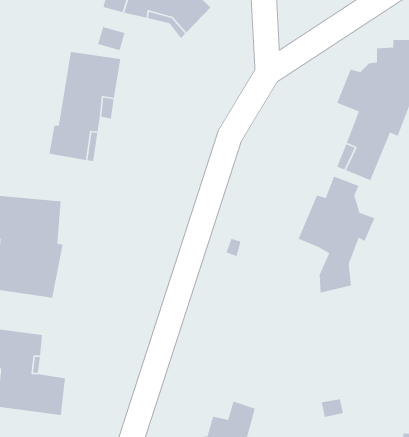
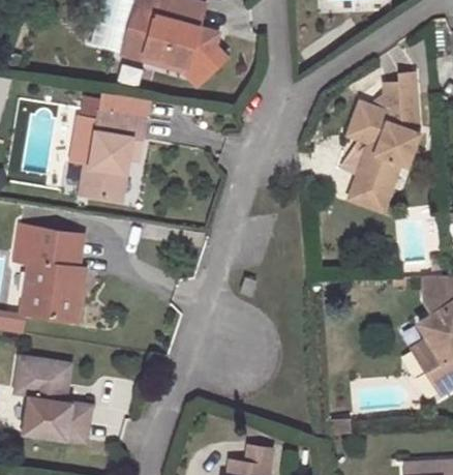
building: [297,176,375,294] -> none

